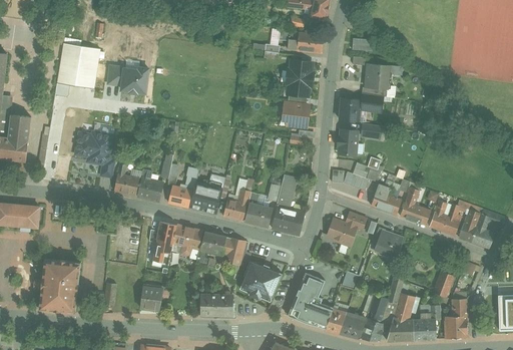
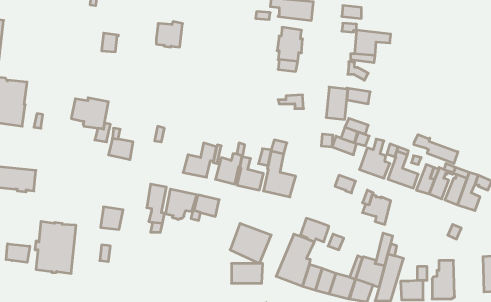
building: [57,43,100,88] -> none
building: [121,67,148,93] -> [156,22,183,47]
building: [340,97,360,121] -> none
building: [284,103,309,126] -> none
building: [169,167,198,208] -> none
building: none -> [414,135,458,164]
building: [137,178,163,201] -> none
building: [328,219,357,243] -> [300,218,329,242]
building: [225,238,245,265] -> none
building: [432,271,454,299] -> none
building: none -> [6,244,30,262]
building: [140,287,163,310] -> [101,207,123,229]
building: [201,295,233,315] -> [231,264,263,283]

